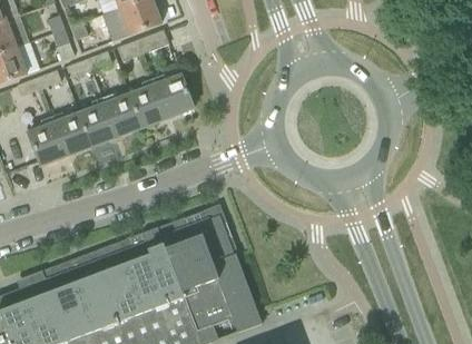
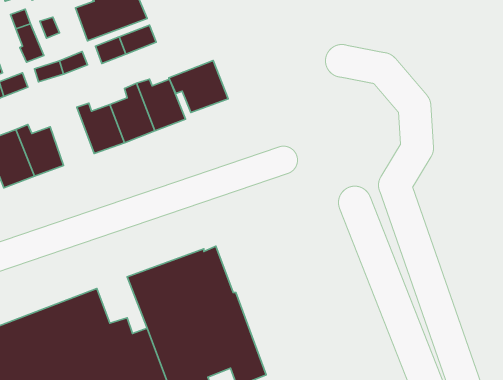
building: none -> [169,60,228,113]
building: [79,98,116,147] -> none
building: [118,240,160,288] -> none

